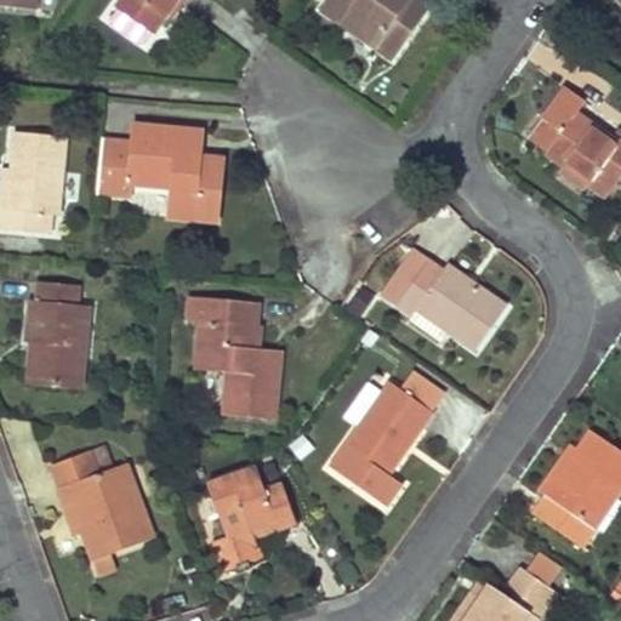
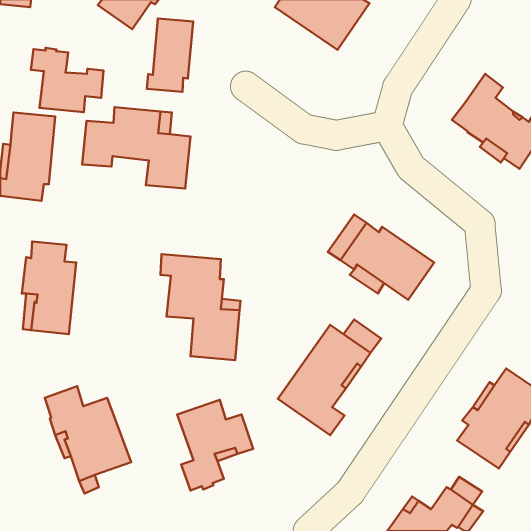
building: none -> [147,19,193,92]
building: none -> [31,48,104,112]

